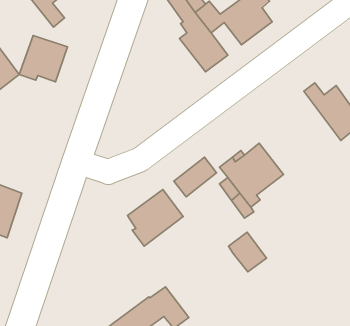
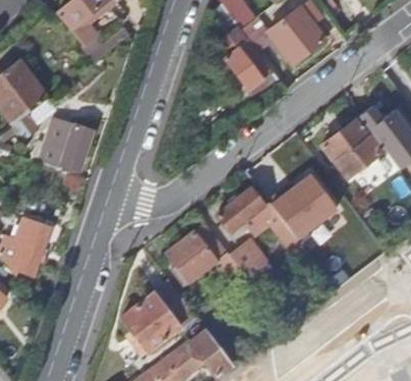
building: [19,36,67,82] -> [39,119,92,170]
building: none -> [321,120,385,178]
building: [228,232,266,272] -> [230,238,272,282]
building: none -> [122,281,197,352]

